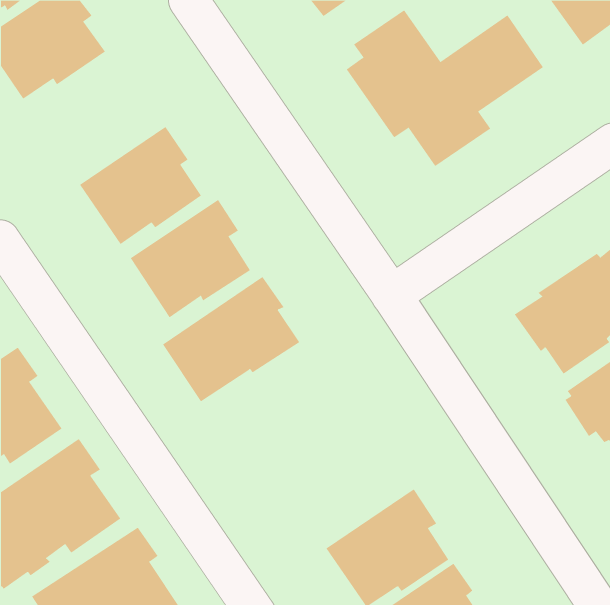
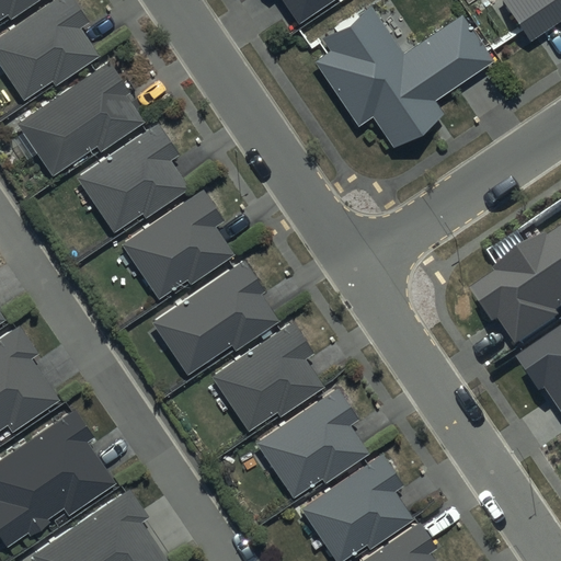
building: none -> [16,61,144,176]
building: none -> [211,321,323,431]
building: none -> [255,387,368,497]

